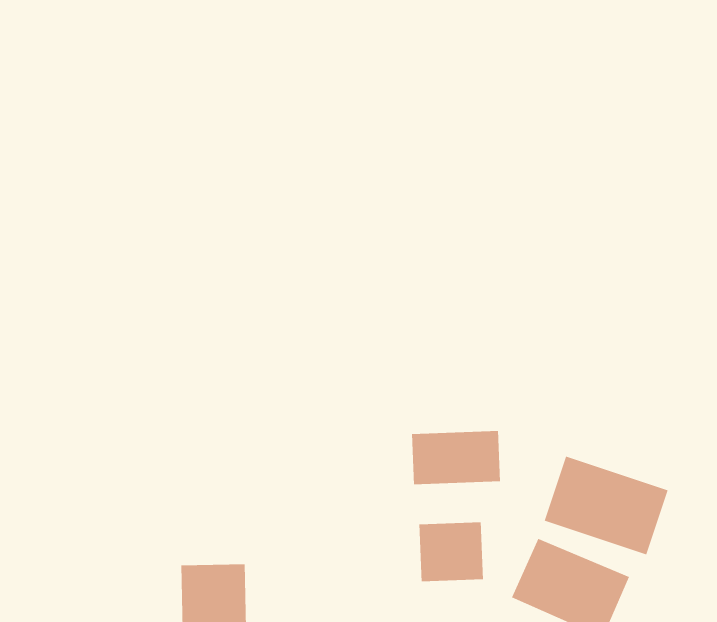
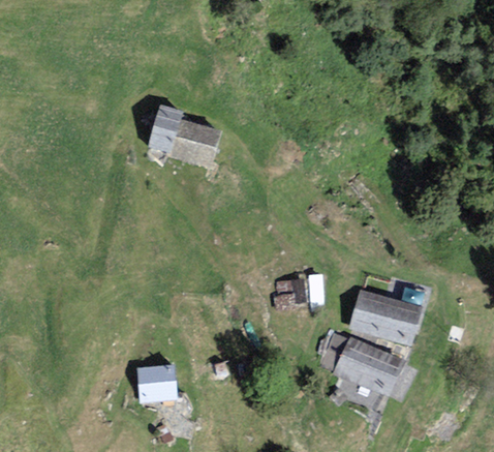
building: none -> [149,116,223,173]
building: [419,521,483,582] -> none

